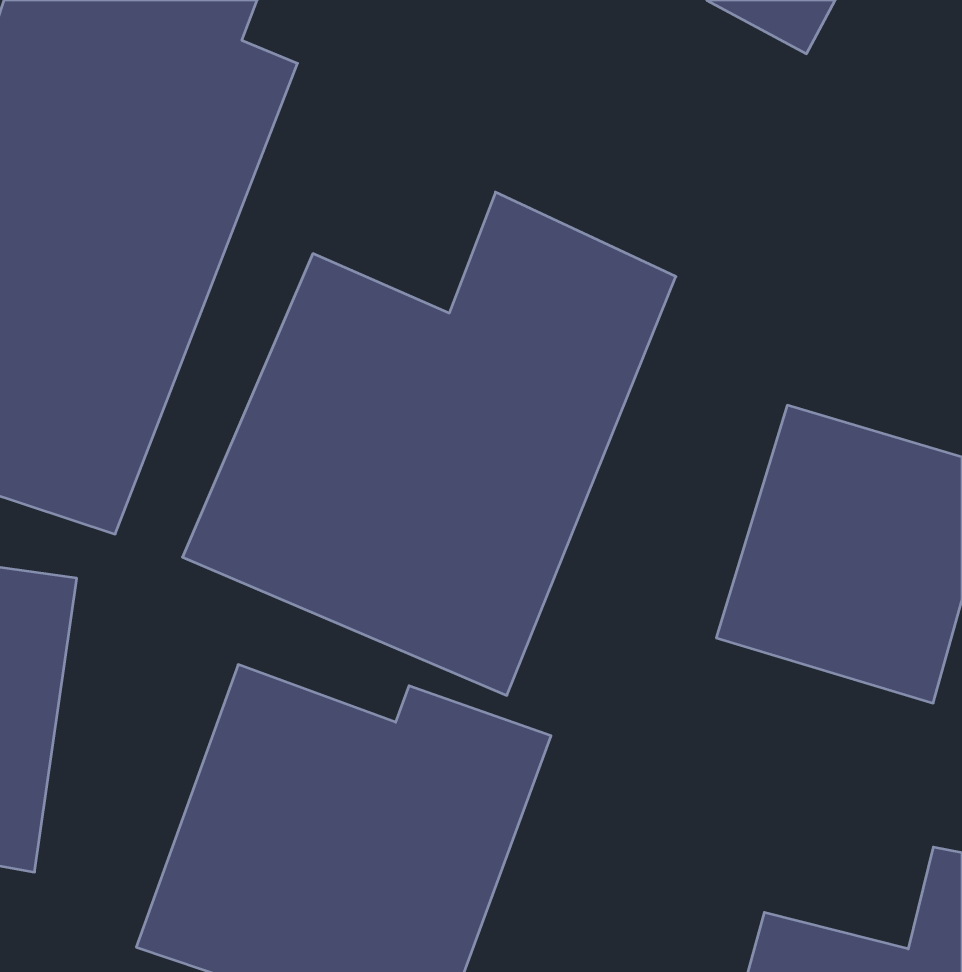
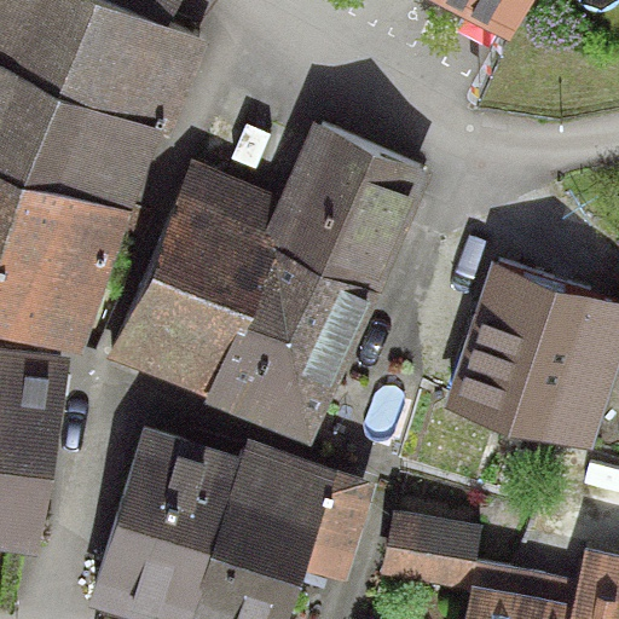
building: none -> [381,508,480,590]

